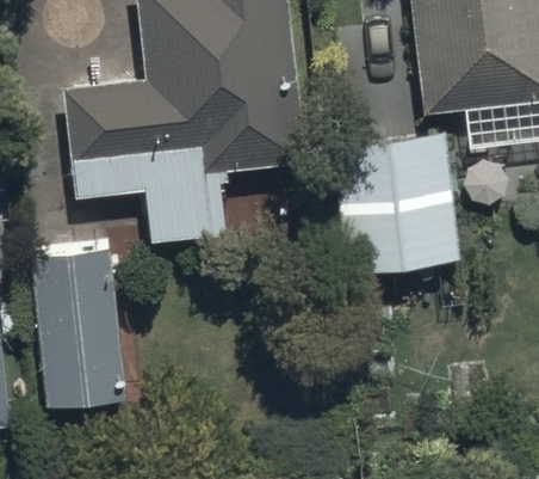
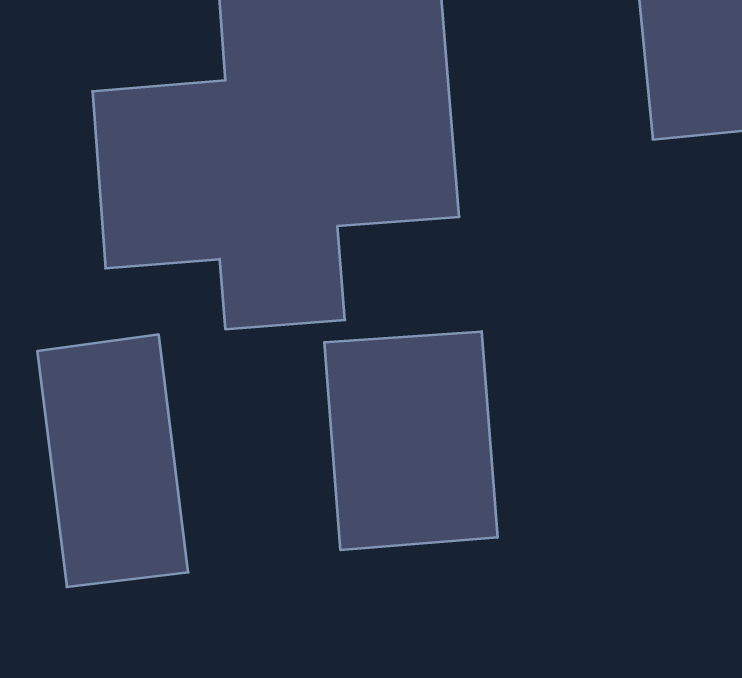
building: [333,135,461,269] -> none
building: none -> [324,331,497,550]

